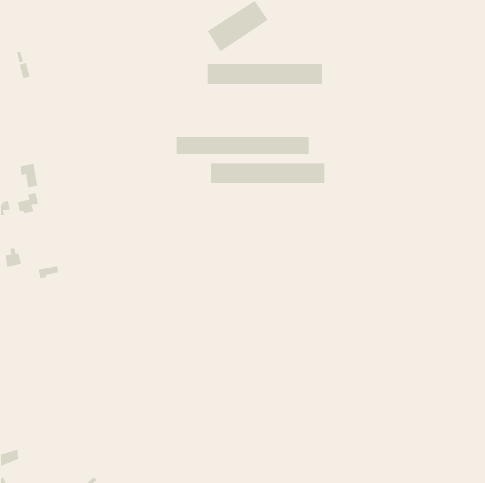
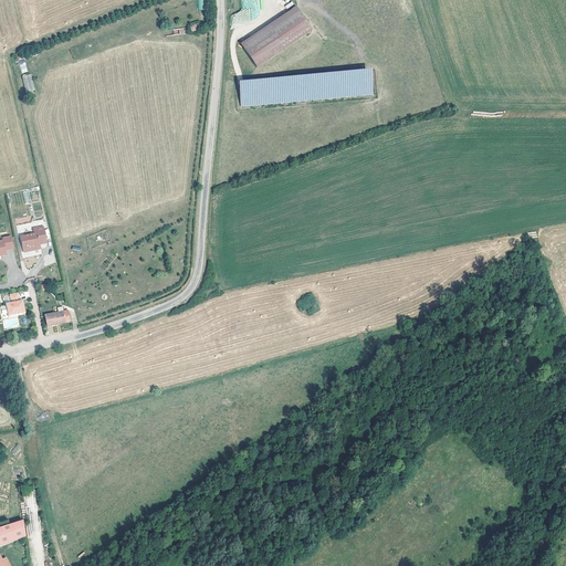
building: [176,136,309,155] -> none
building: [211,163,325,184] -> none

